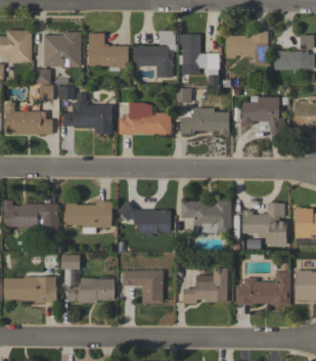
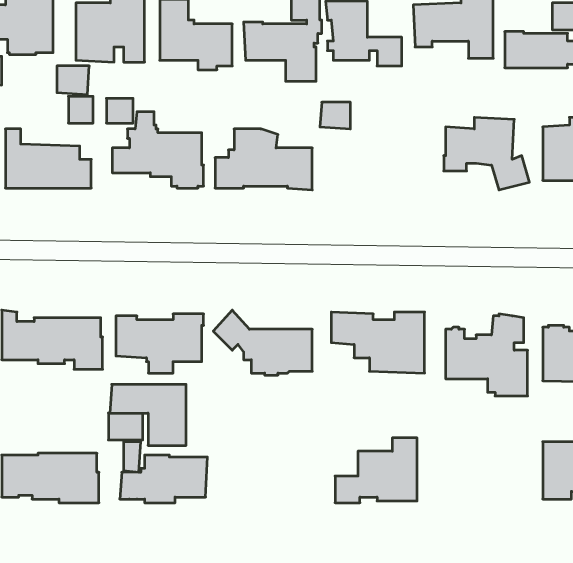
building: [180,107,229,136] -> none
building: [122,270,163,303] -> [110,384,186,445]
building: [236,272,290,305] -> none

